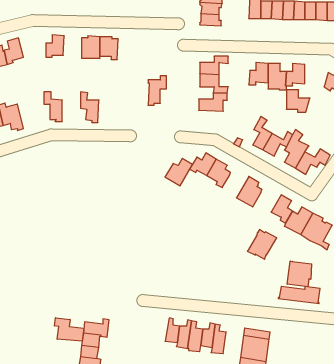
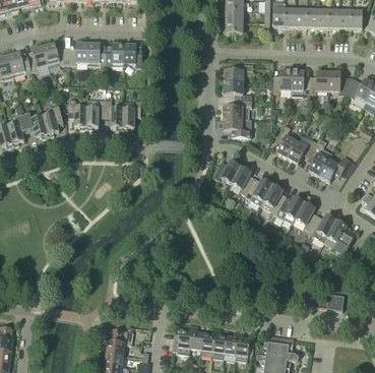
building: none -> [43,42,70,67]
building: none -> [87,43,106,65]
building: [148,76,166,105] -> [122,100,140,129]
building: [286,90,310,112] -> [328,71,352,94]
building: none -> [86,99,105,128]
building: none -> [42,103,63,135]
building: none -> [223,117,251,136]
building: [165,158,192,186] -> [245,177,272,204]
building: [247,230,277,259] -> [275,193,305,223]
building: [287,261,312,287] -> none
building: none -> [173,323,193,354]
building: [55,318,84,341] -> none

